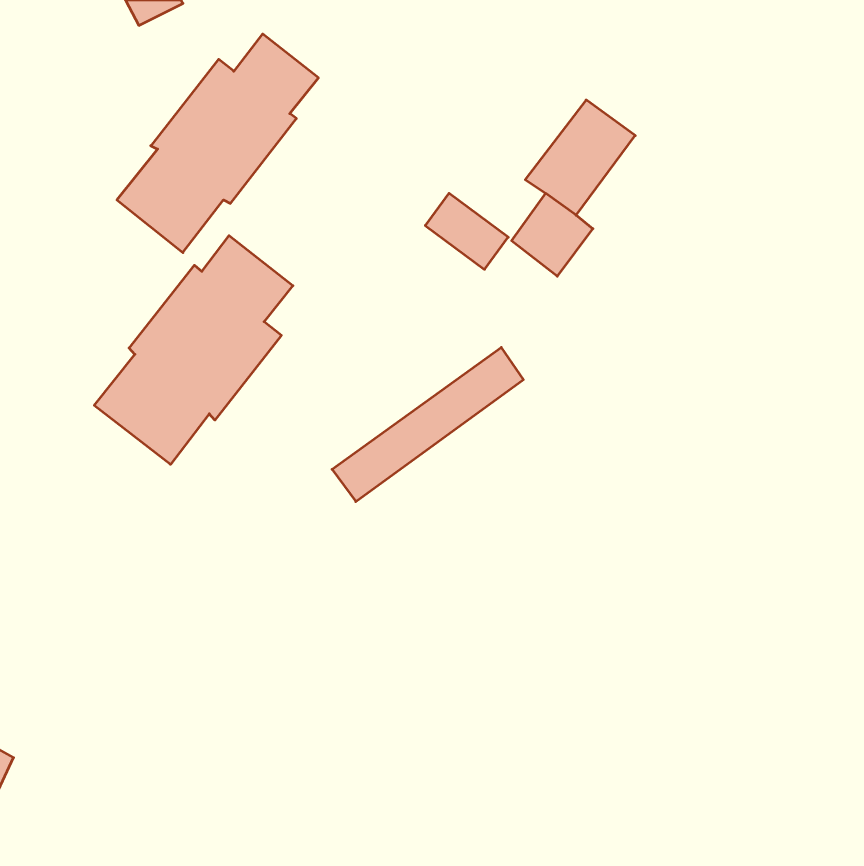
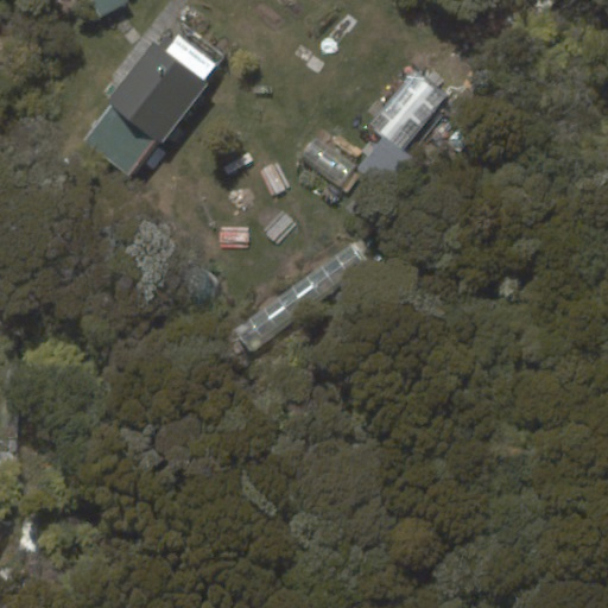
building: [94,236,293,464] -> none

